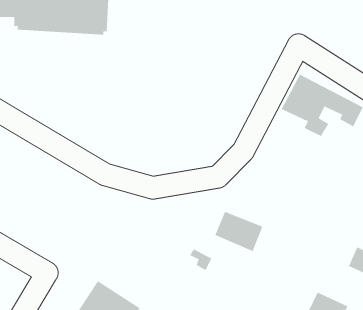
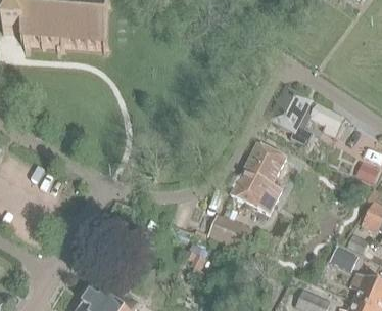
building: none -> [231,142,285,213]

